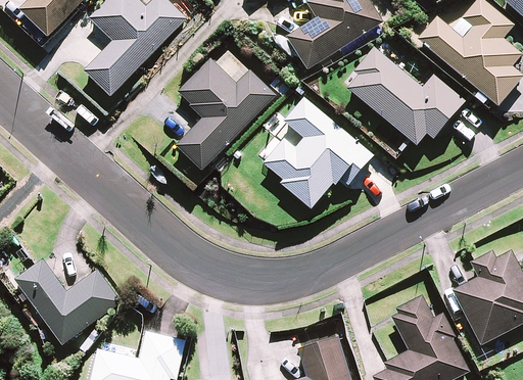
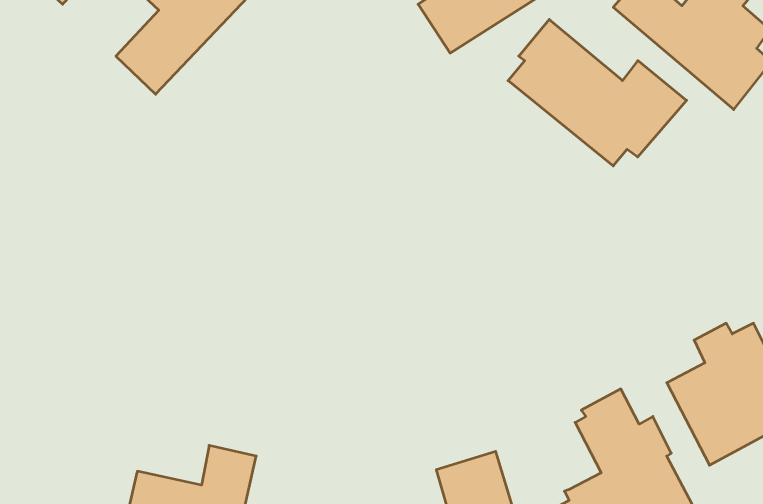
building: [176,58,275,171] -> none
building: [264,97,374,208] -> none
building: [14,259,121,344] -> none

